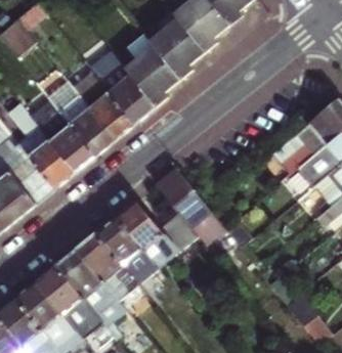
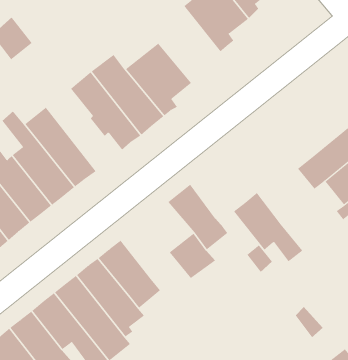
building: [146,13,206,78] -> none
building: [48,80,118,157] -> none
building: [117,201,179,263] -> [233,192,303,262]

